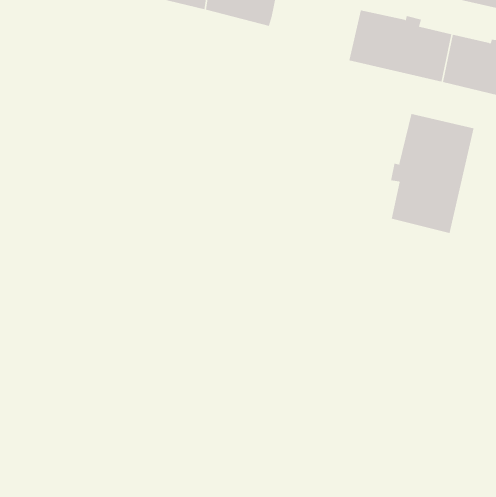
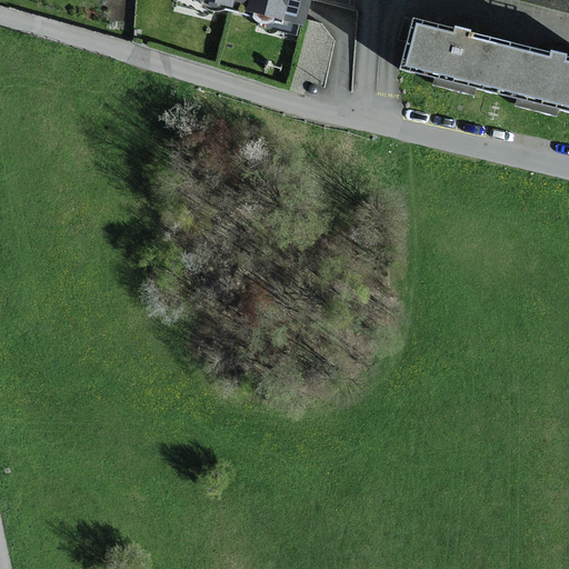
building: [390,113,474,234] -> none

